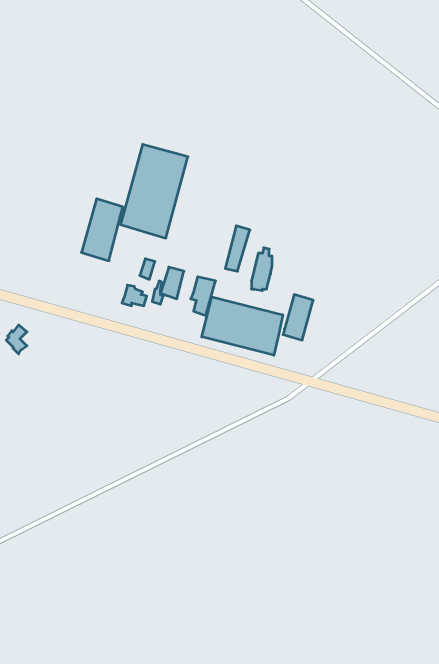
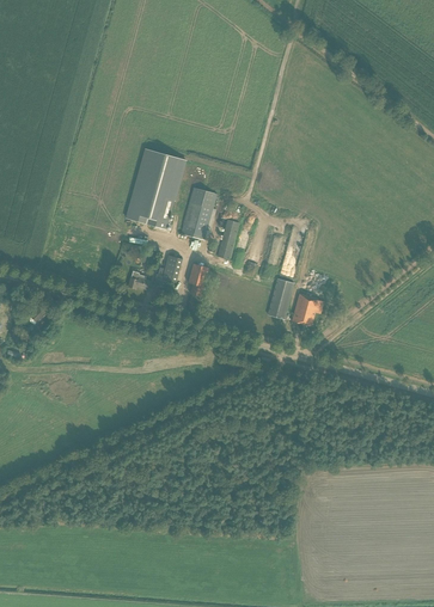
building: [81,199,123,261] -> [179,186,215,240]
building: [202,297,283,355] -> none
building: none -> [291,293,323,325]

